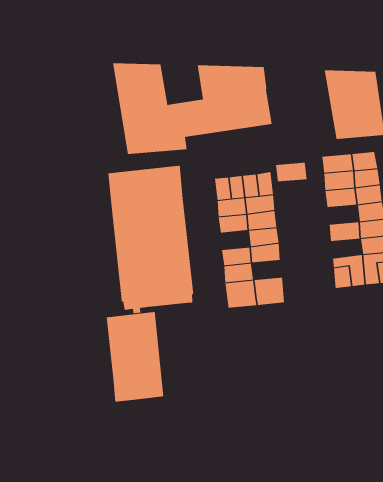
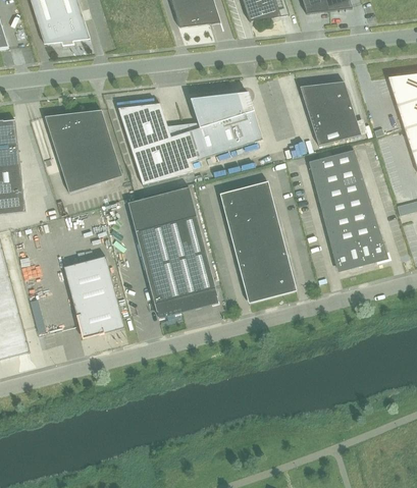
building: none -> [44,109,121,192]
building: [275,162,308,182] -> [319,197,349,217]
building: none -> [231,232,259,253]
building: none -> [326,225,356,246]
building: none -> [262,254,291,274]
building: [106,312,164,402] -> [63,255,123,337]

